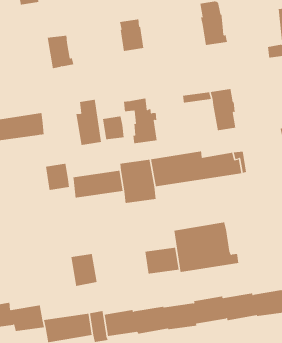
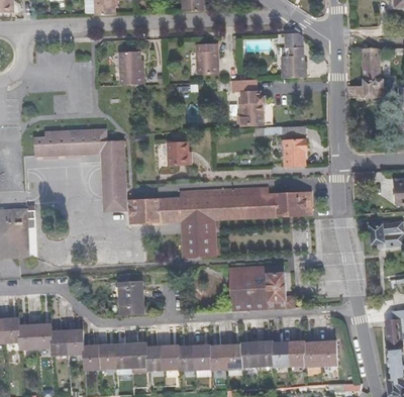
building: [123,98,157,144] -> [231,79,265,125]
building: [76,99,102,145] -> [100,139,124,186]
building: [144,247,179,274] -> [181,232,215,258]

